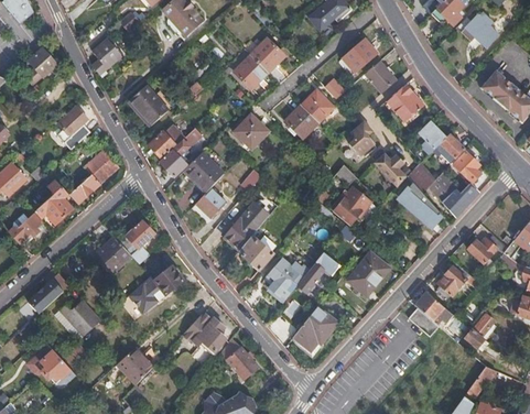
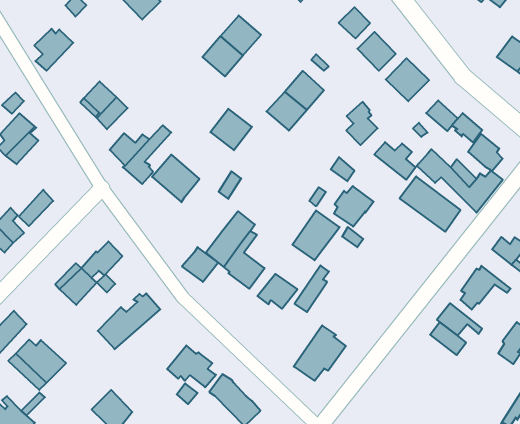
building: [85,149,119,183] -> none
building: [196,187,227,217] -> [182,247,218,282]
building: [348,252,389,294] -> [292,210,340,260]

